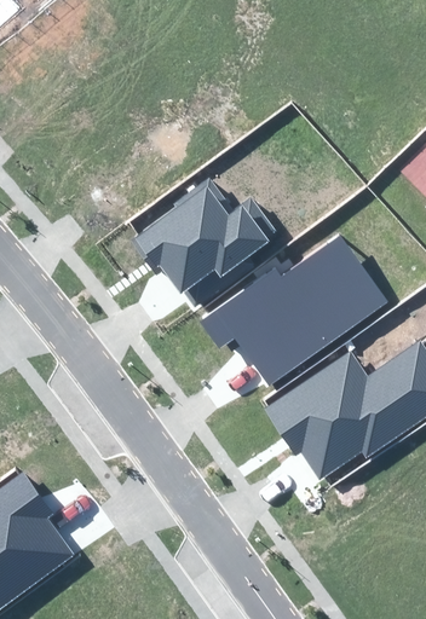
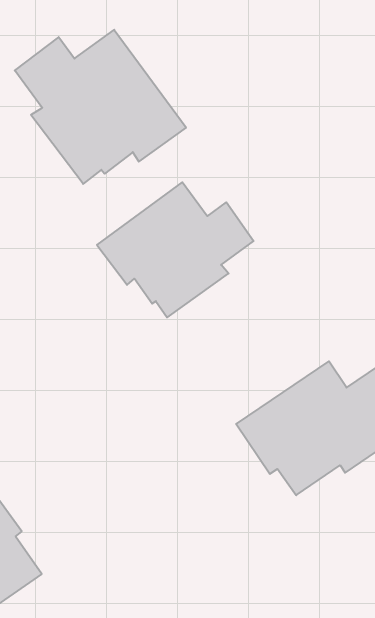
building: none -> [15,30,186,184]
building: [198,232,388,386] -> none

